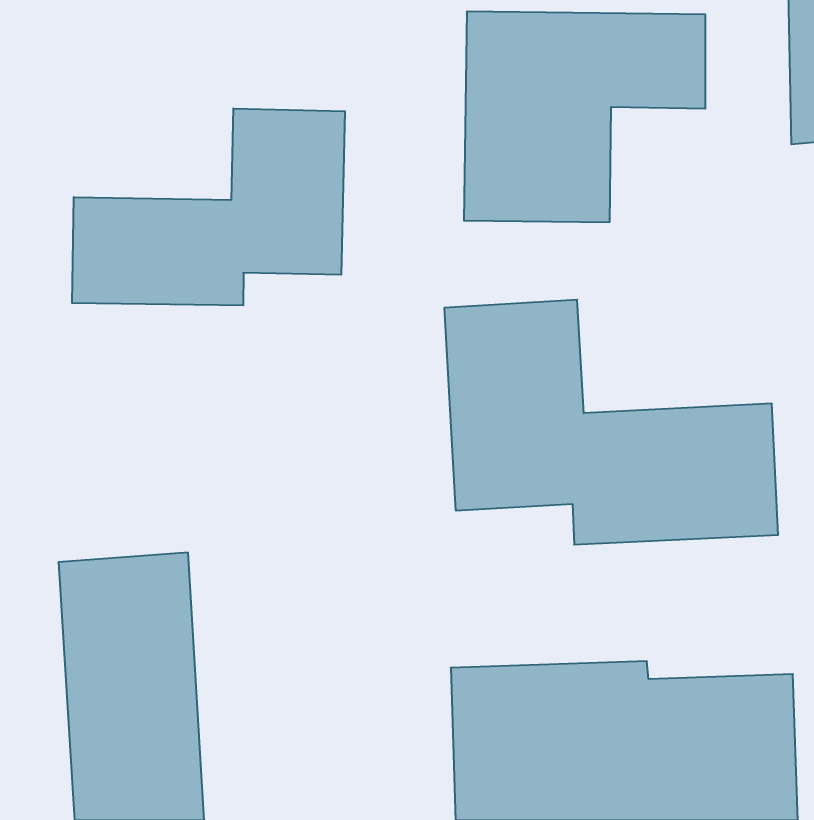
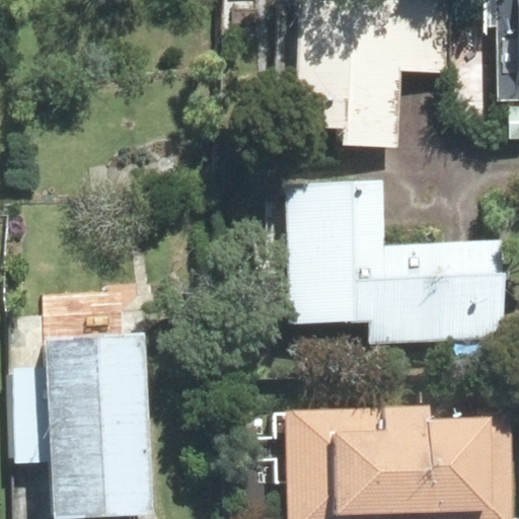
building: [72,108,345,305] -> none

